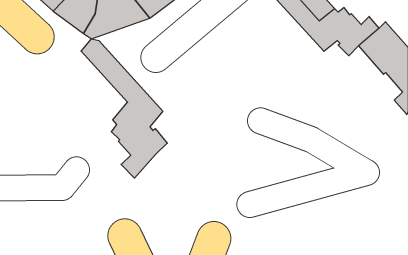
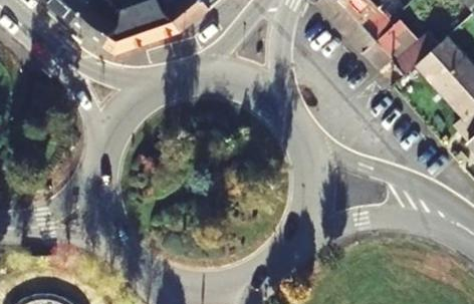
building: [81,39,167,178] -> none

